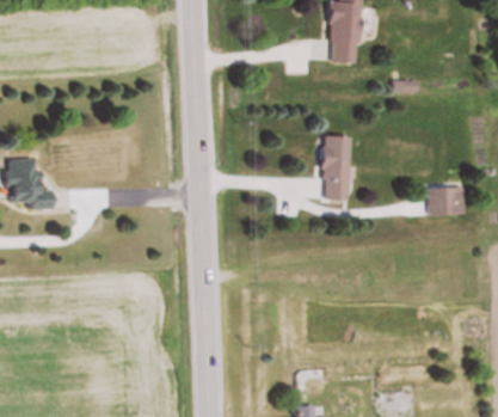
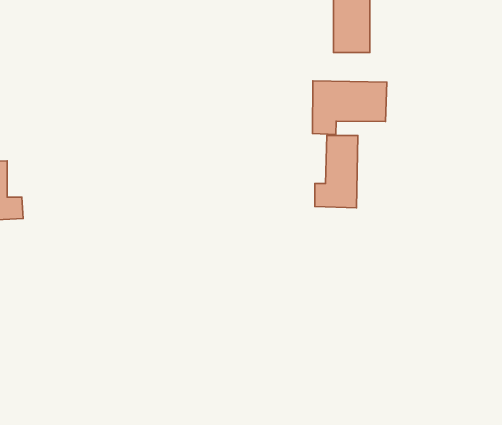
building: none -> [313,81,387,135]
building: [431,186,467,214] -> none

